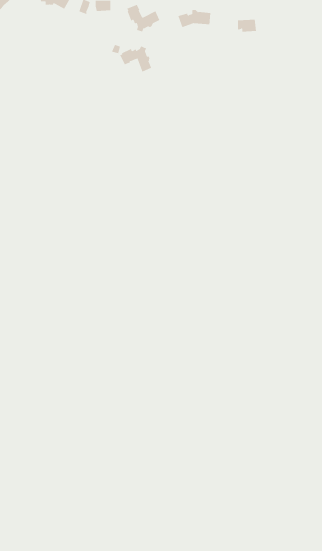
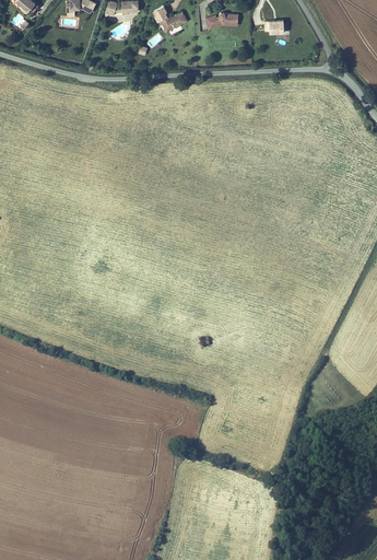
building: [120,46,152,72] -> none

